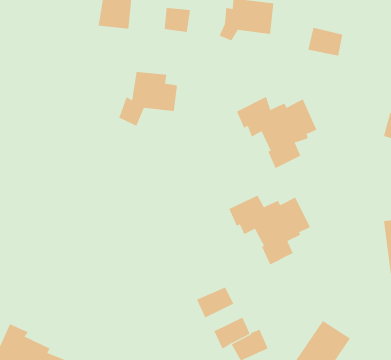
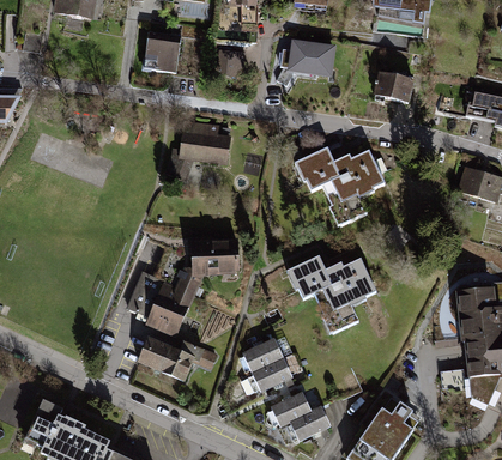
building: none -> [128,240,238,337]
building: none -> [135,334,214,381]
building: none -> [241,338,283,373]

